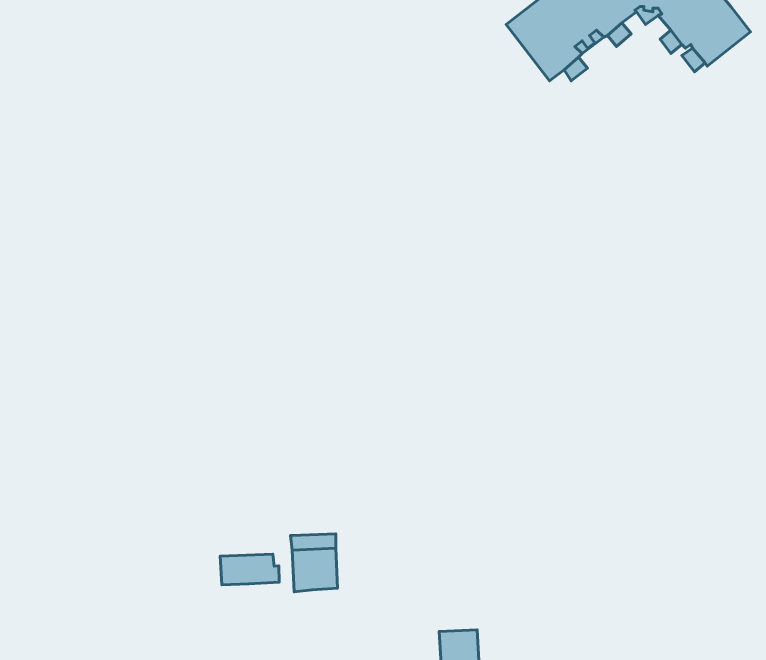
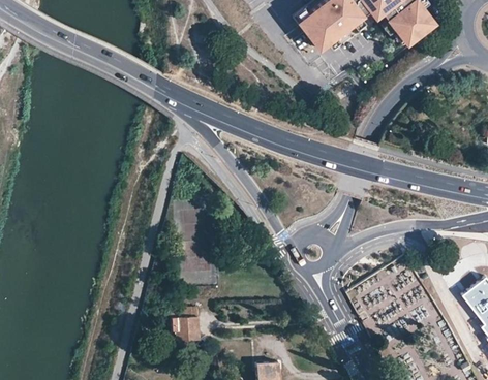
building: [220,554,279,585] -> none

